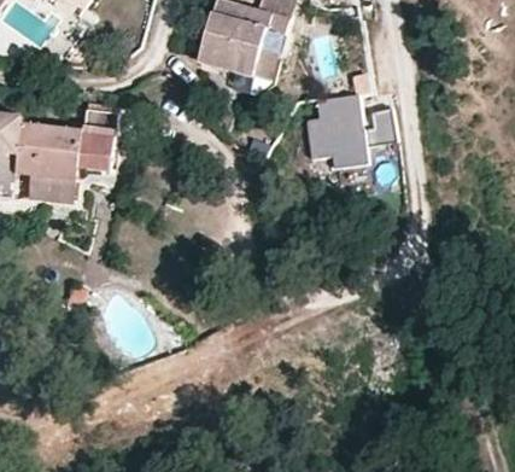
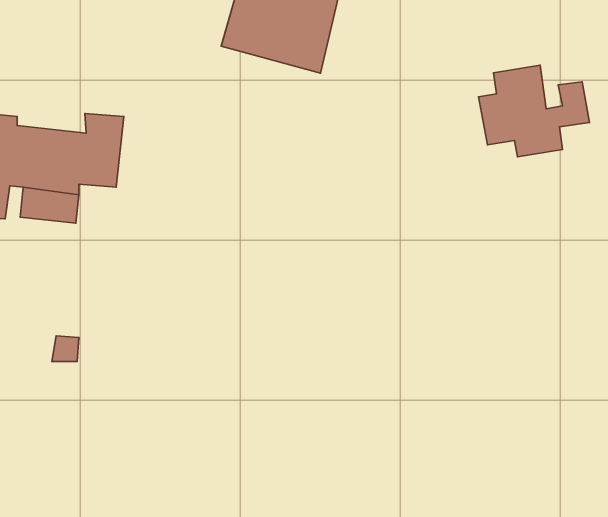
building: [305,94,394,168] -> [479,65,590,157]

